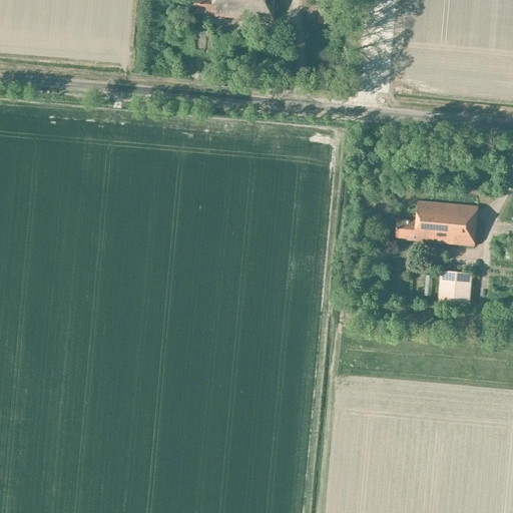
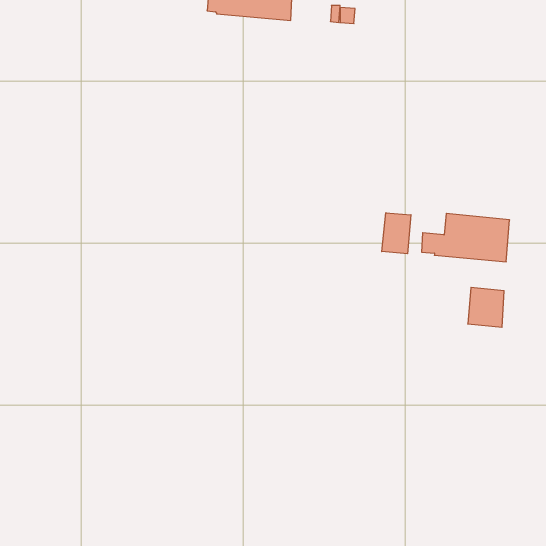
building: none -> [382,213,411,254]

